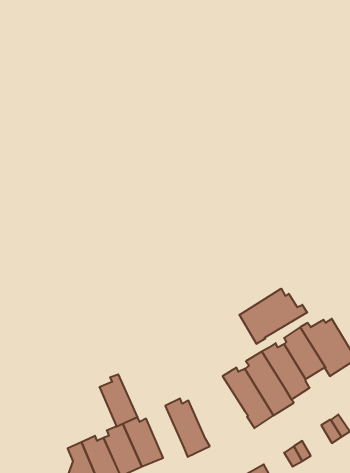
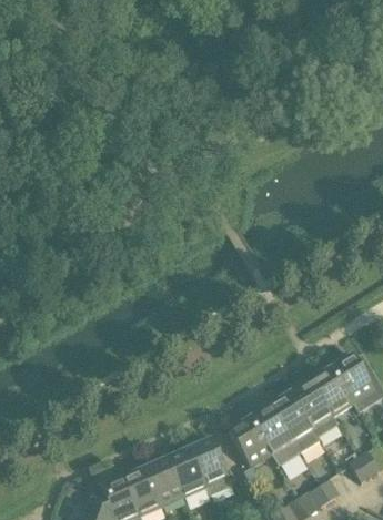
building: [239,289,307,344] -> none
building: [99,374,138,427] -> [168,445,208,499]
building: none -> [229,414,274,469]

